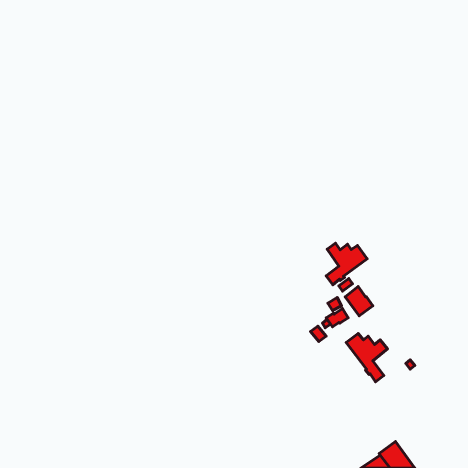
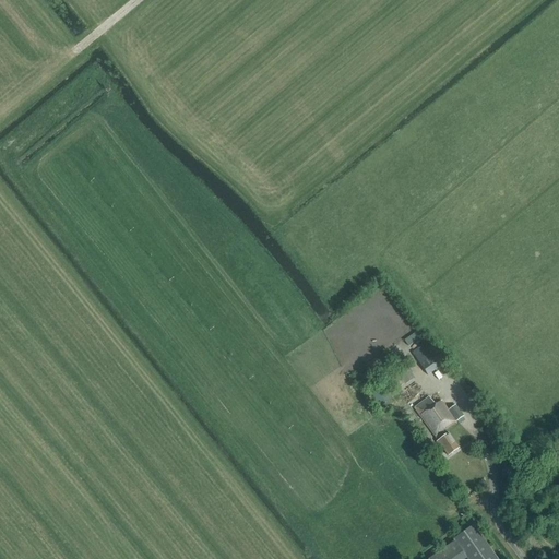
building: [326,243,367,285] -> none

